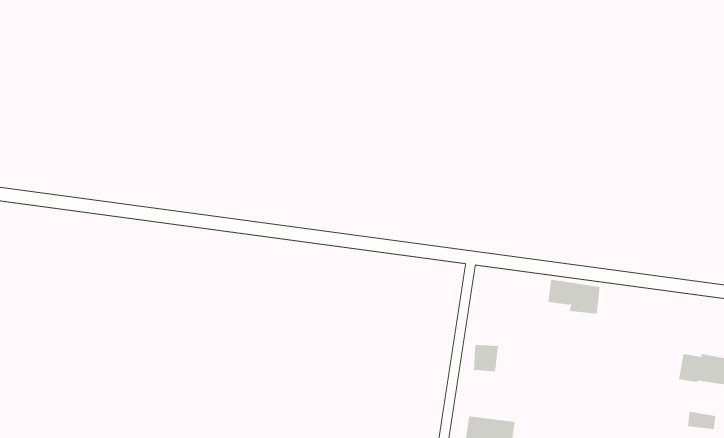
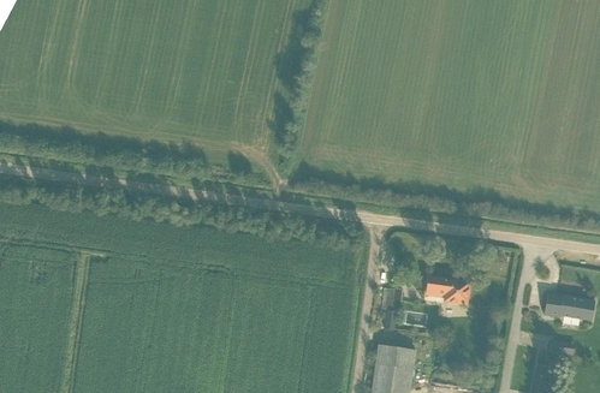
building: [547,279,601,314] -> [427,278,469,305]

